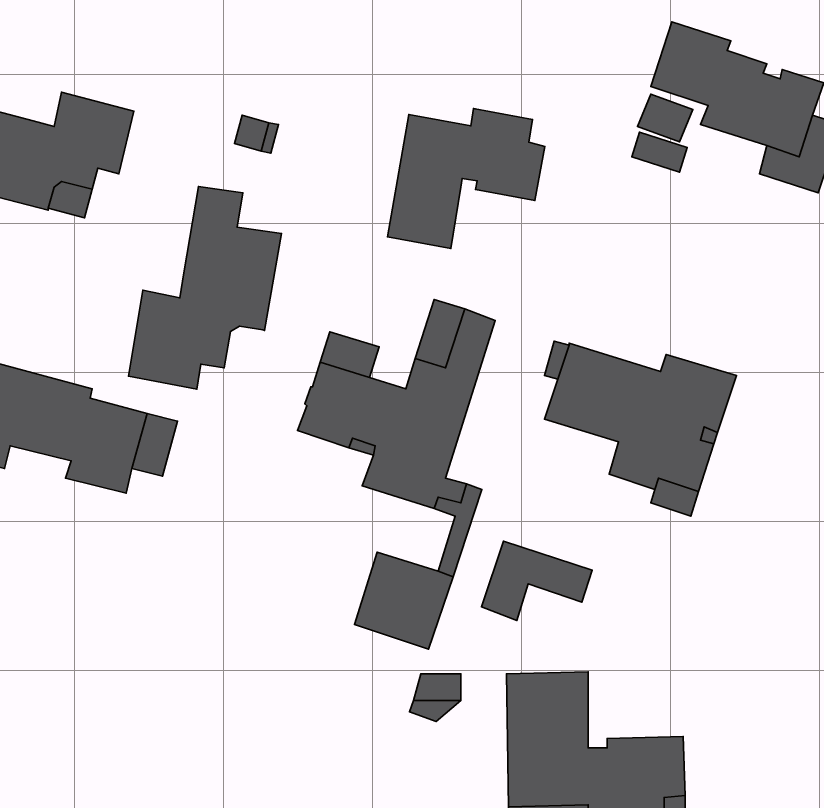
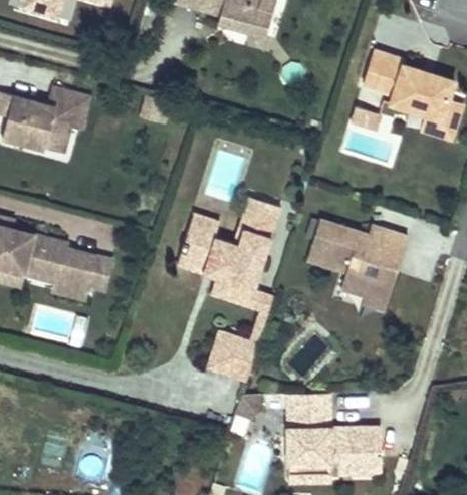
building: [387,108,545,248] -> none
building: [128,187,282,389] -> none
building: [481,541,592,620] -> none

